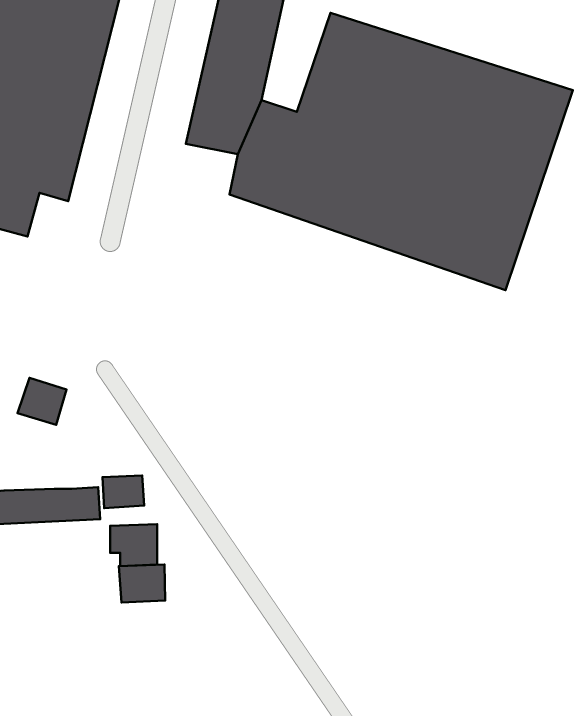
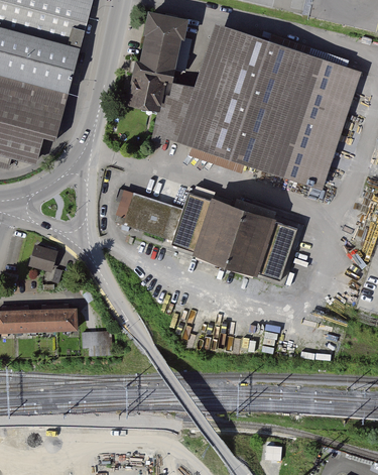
building: none -> [110,189,298,282]
building: [102,476,144,508] -> none
building: [119,565,165,602] -> none

